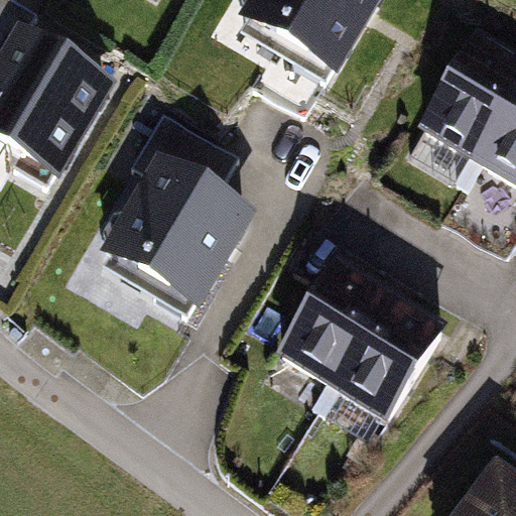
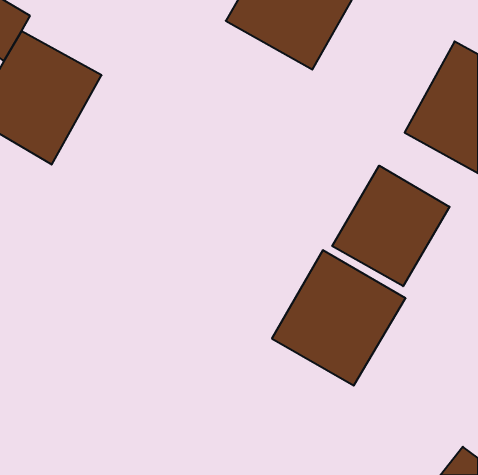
building: [102,119,255,309] -> none
building: none -> [332,166,450,286]

